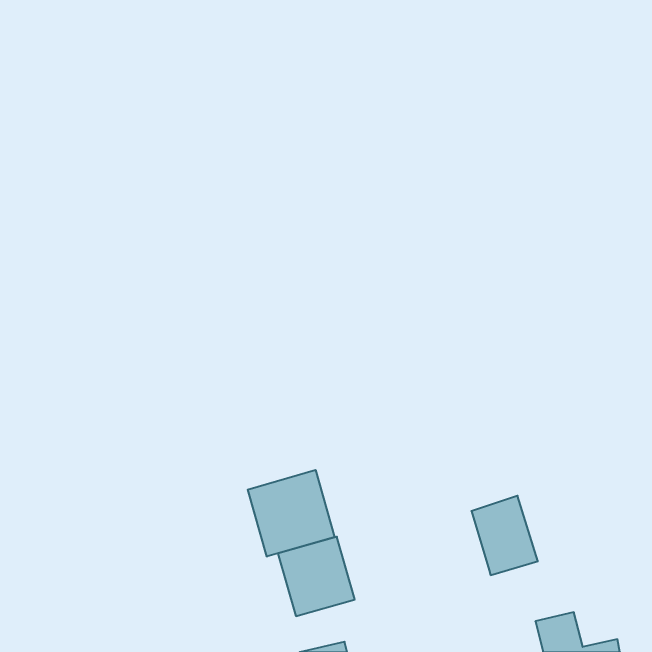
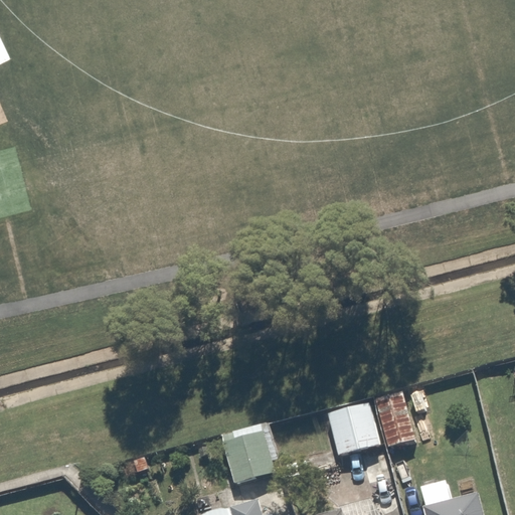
building: [248,470,335,557] -> none
building: none -> [325,401,384,462]

